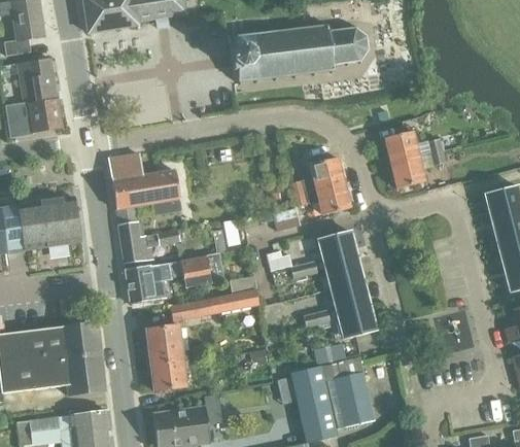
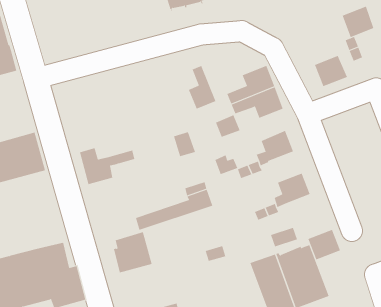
building: [384,130,418,163] -> [342,6,374,38]
building: none -> [188,65,216,109]
building: [107,152,179,226] -> none
building: [125,253,223,304] -> none
building: [326,255,361,287] -> none
building: [339,305,374,337] -> [307,229,341,260]
building: [145,359,186,390] -> none

